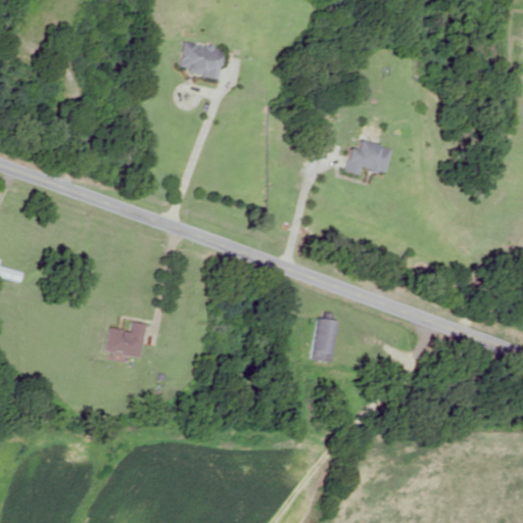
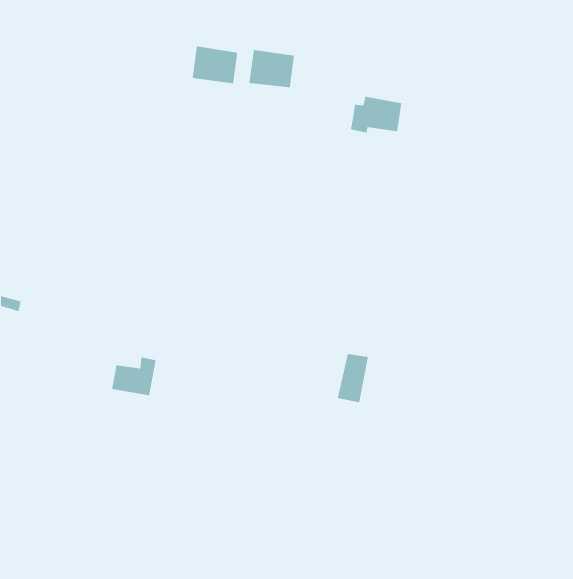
building: none -> [248,49,295,88]
building: [344,140,391,174] -> [350,96,402,133]

